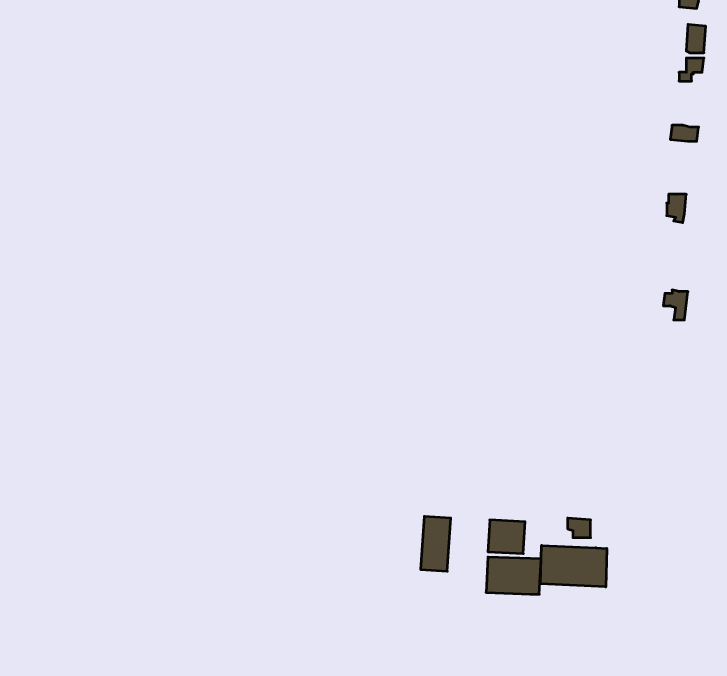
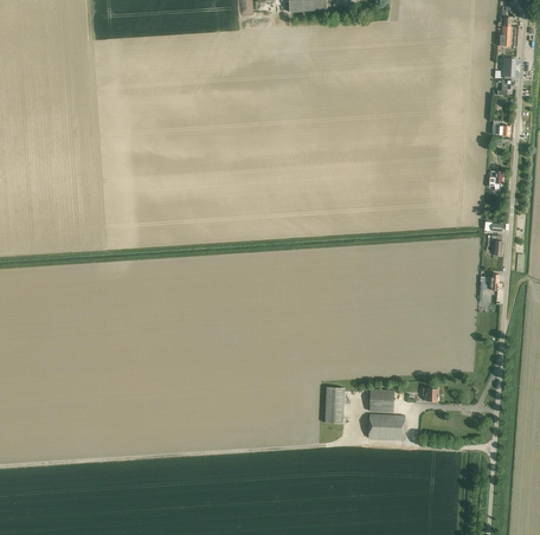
building: [540,545,607,587] -> none

